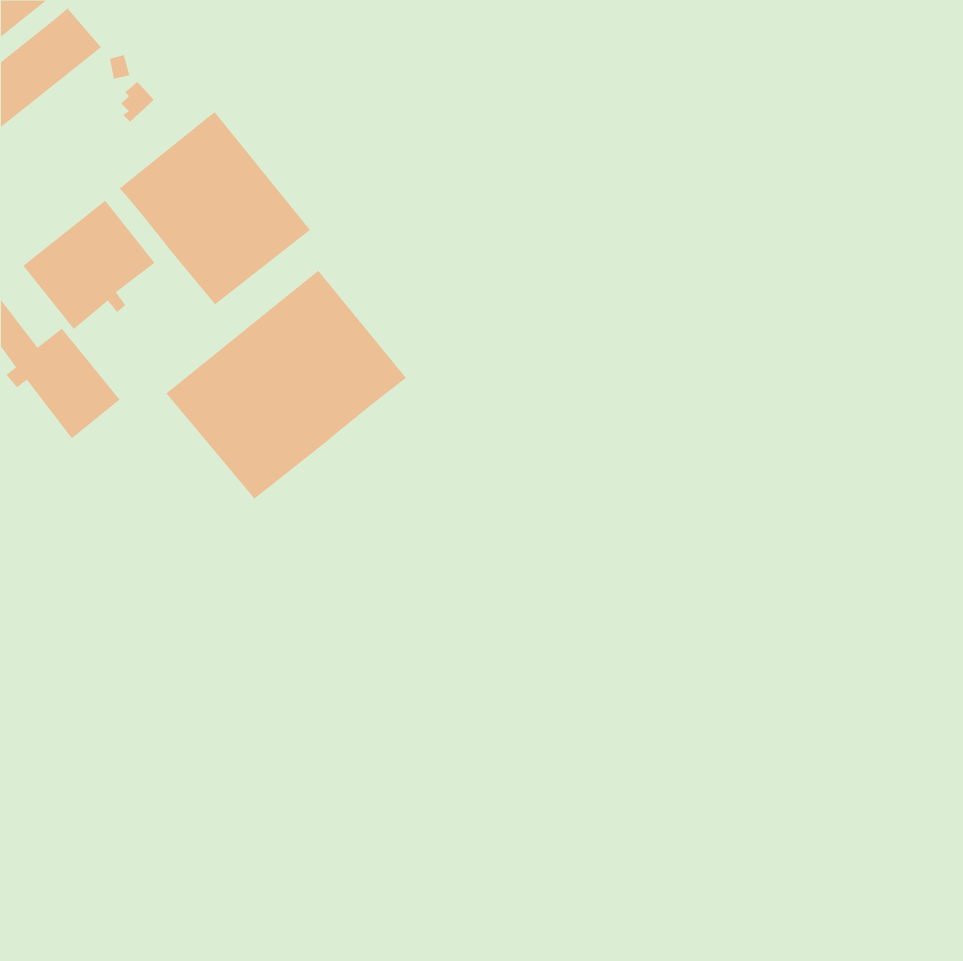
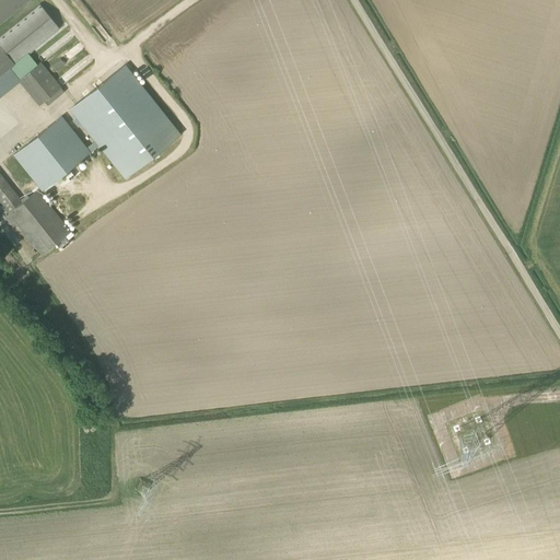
building: none -> [18,63,65,106]
building: [165,270,407,500] -> none

